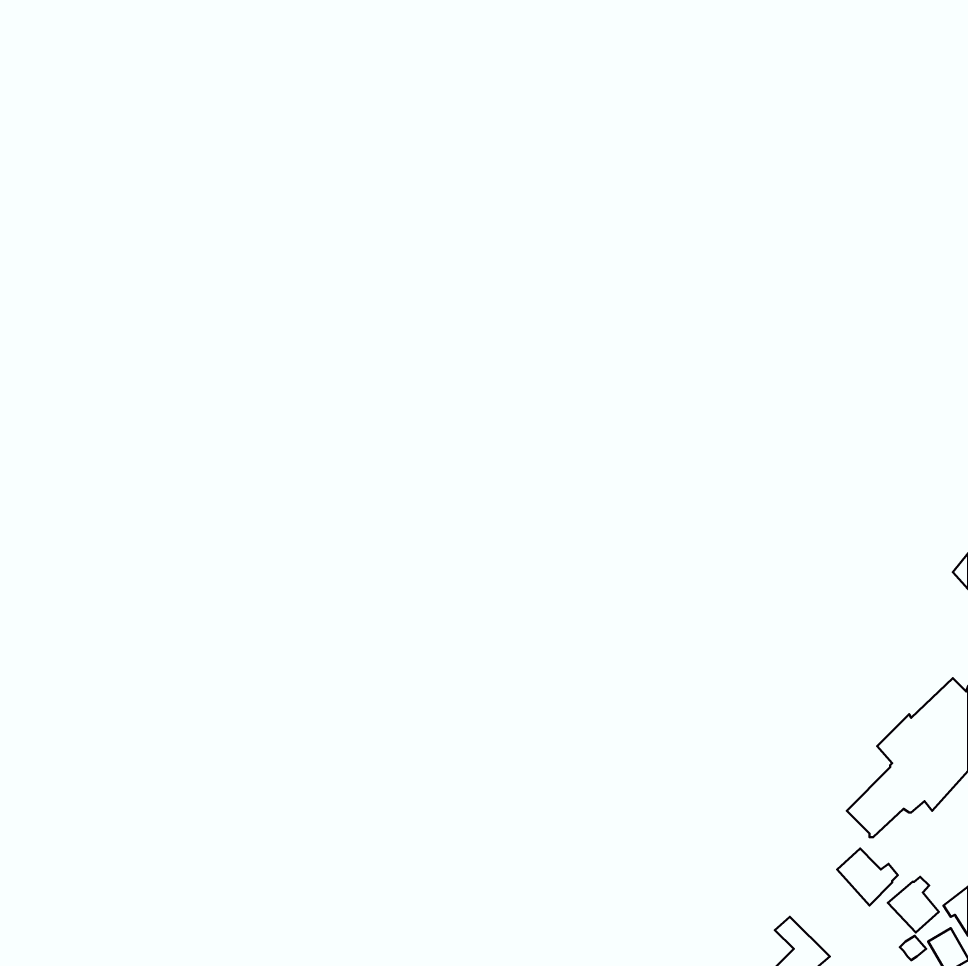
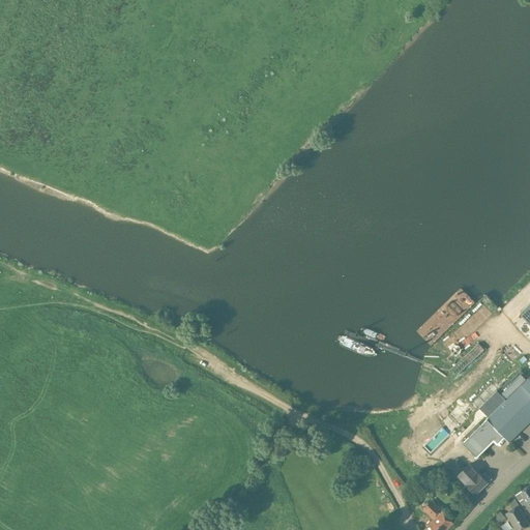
building: [888,877,939,933] -> none

